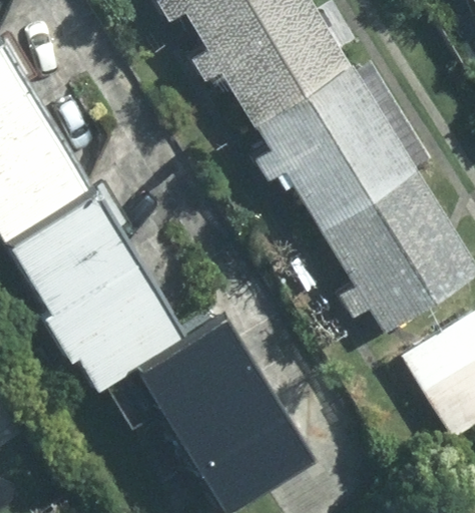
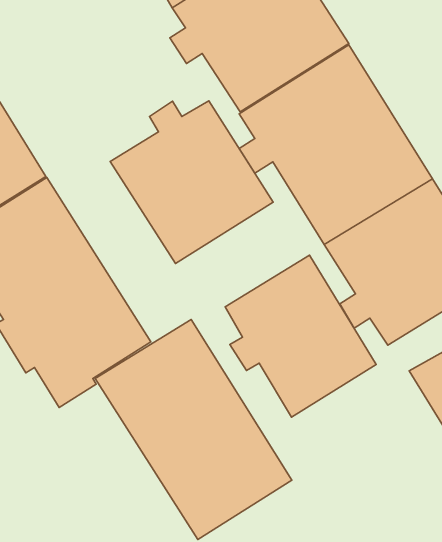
building: none -> [110,101,273,263]
building: none -> [225,255,376,417]

